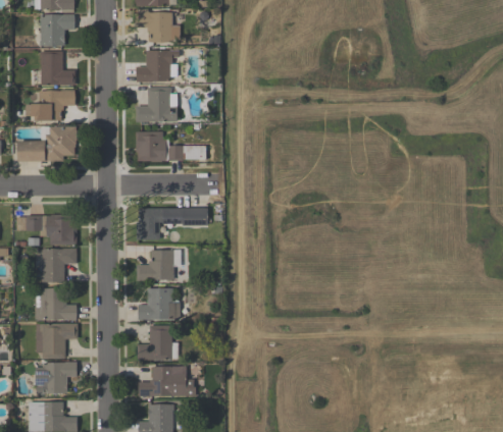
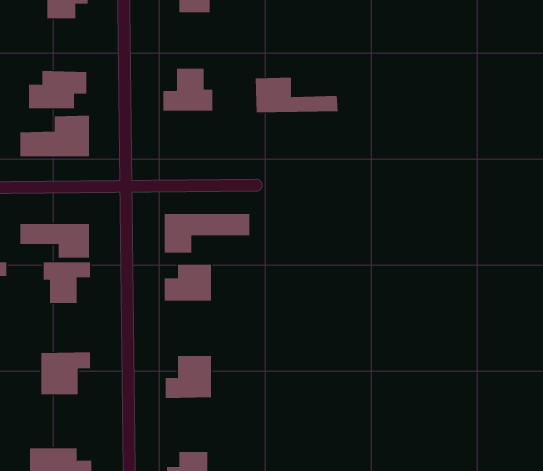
building: [136,50,177,82] -> none
building: [30,51,74,86] -> none
building: [135,131,204,161] -> [255,77,339,113]
building: [34,287,77,318] -> none
building: [138,287,180,319] -> none
building: [35,362,77,393] -> none
building: [138,366,195,396] -> none

